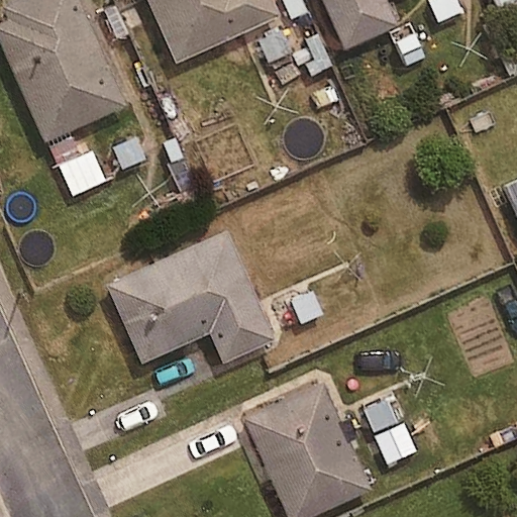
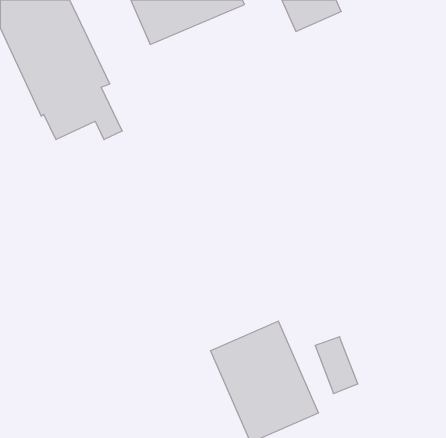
building: [106,228,275,361] -> none

